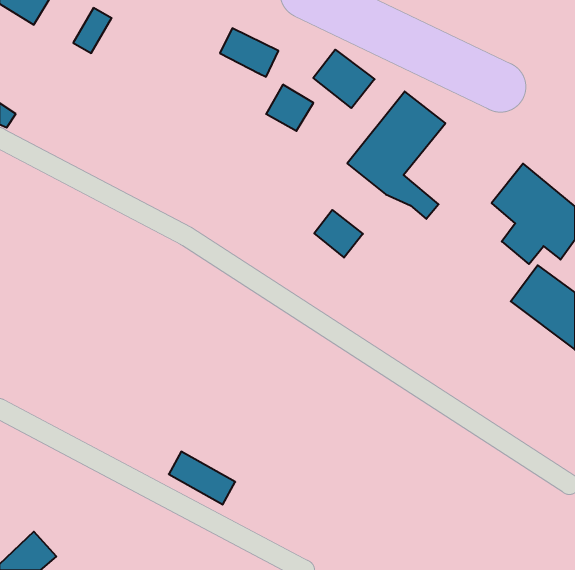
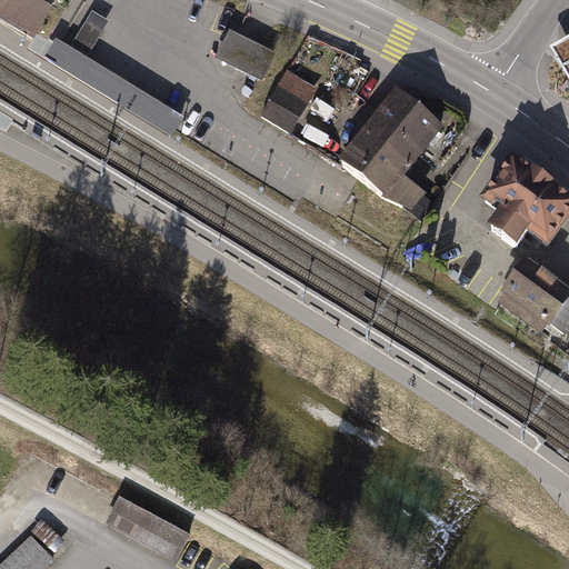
building: [313,50,375,108] -> none
building: [314,210,363,258] -> none
building: [169,452,235,505] -> [114,499,180,551]

